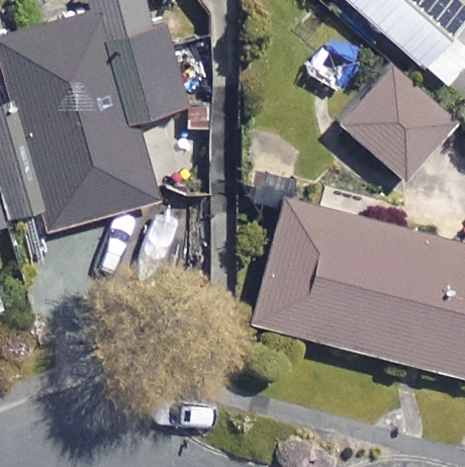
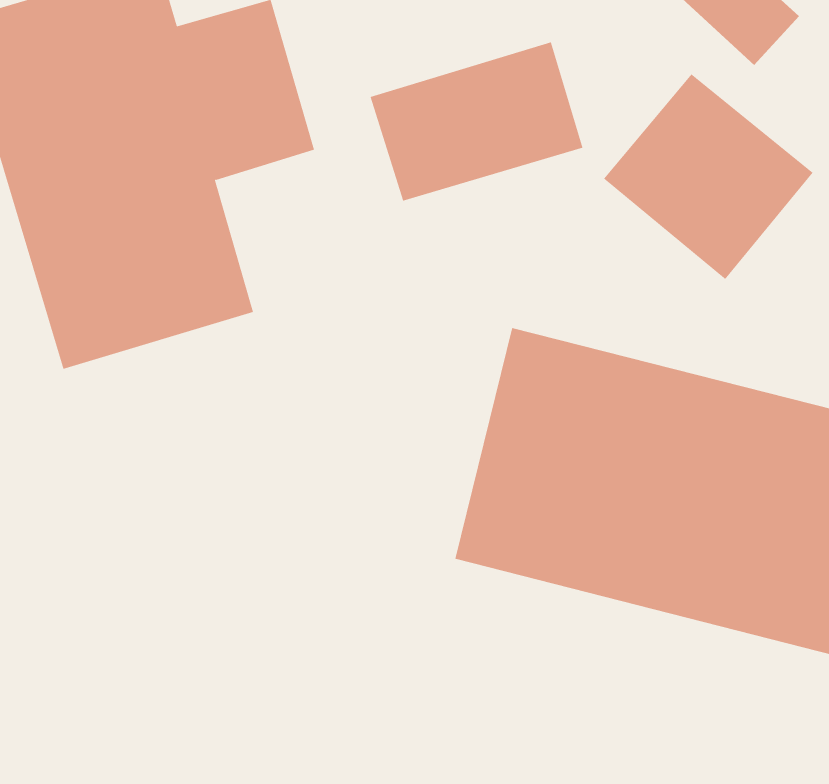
building: none -> [370,41,583,201]

